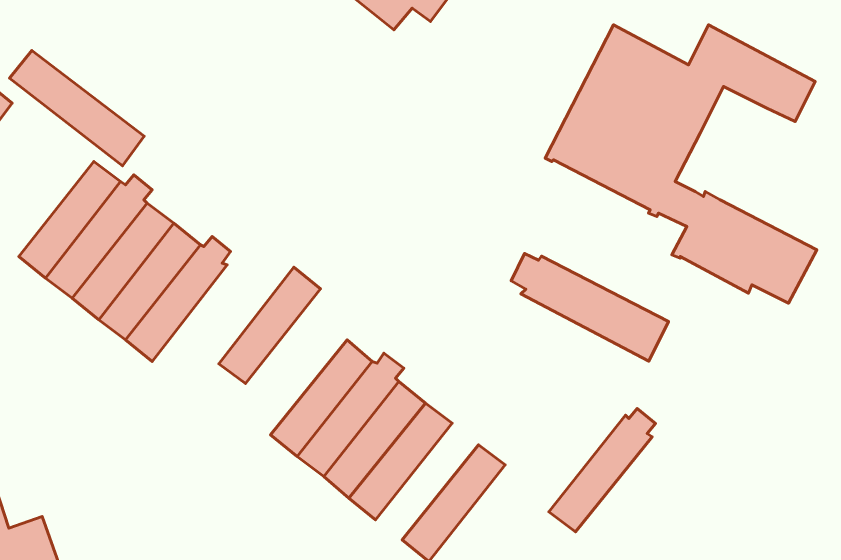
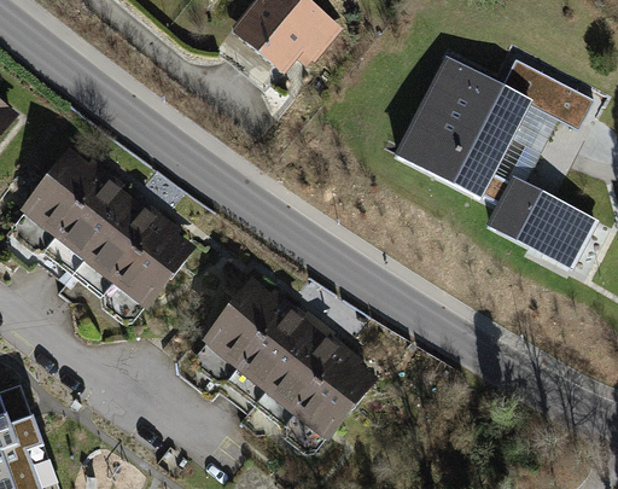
building: [10,50,144,166] -> none
building: none -> [506,101,558,184]
building: [511,253,669,361] -> none
building: [219,267,321,384] -> [112,231,186,315]
building: [549,408,655,532] -> [274,340,351,430]

